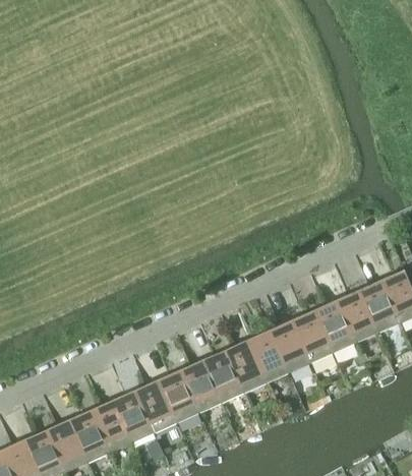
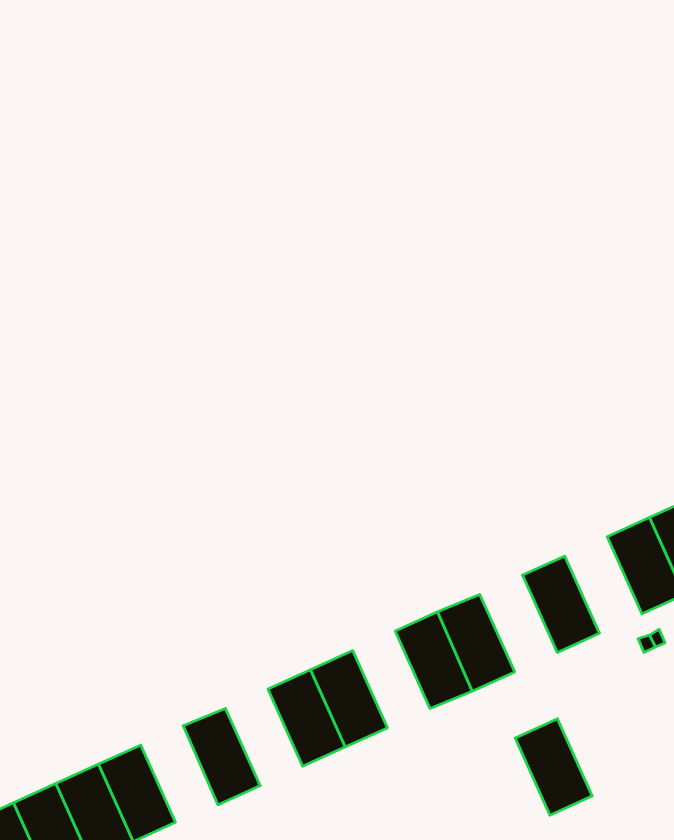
building: [313,301,354,352] -> none
building: [269,321,309,372] -> [515,719,592,815]
building: [201,351,242,402] -> none
building: [134,381,175,432] -> none
building: [90,401,130,452] -> none

